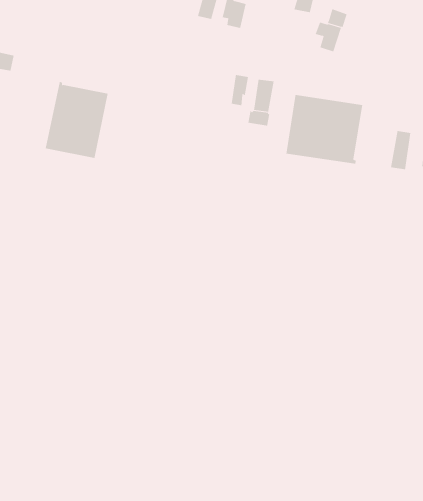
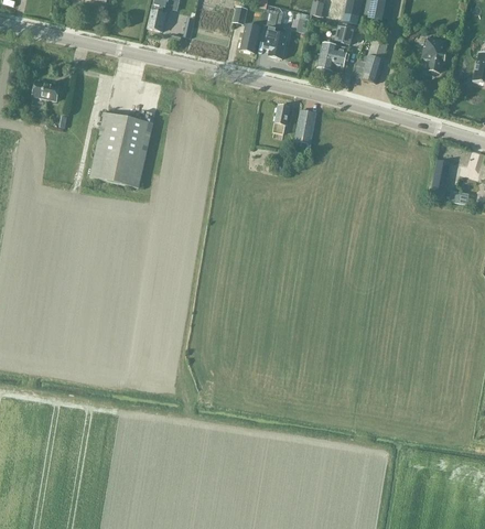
building: none -> [422,36,446,71]
building: none -> [317,41,348,72]
building: [286,94,363,164] -> none

